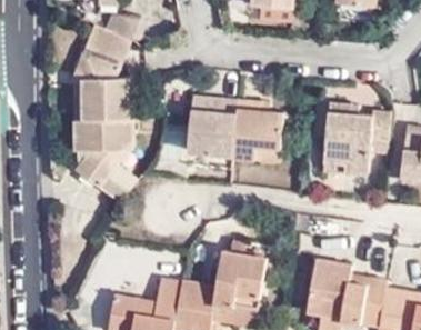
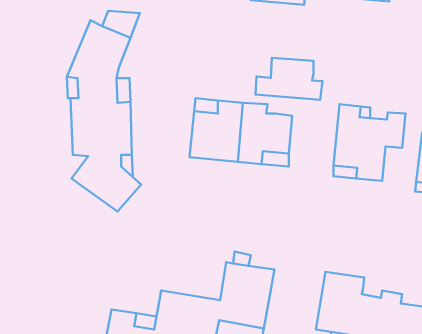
building: none -> [256,58,323,100]

